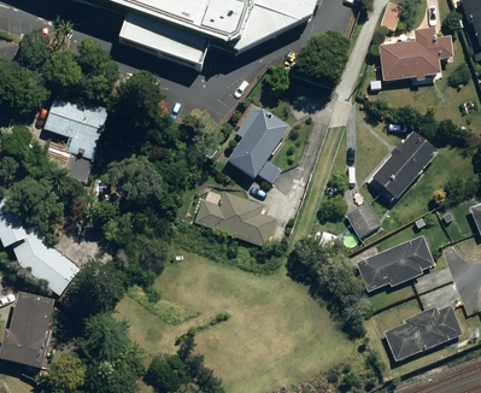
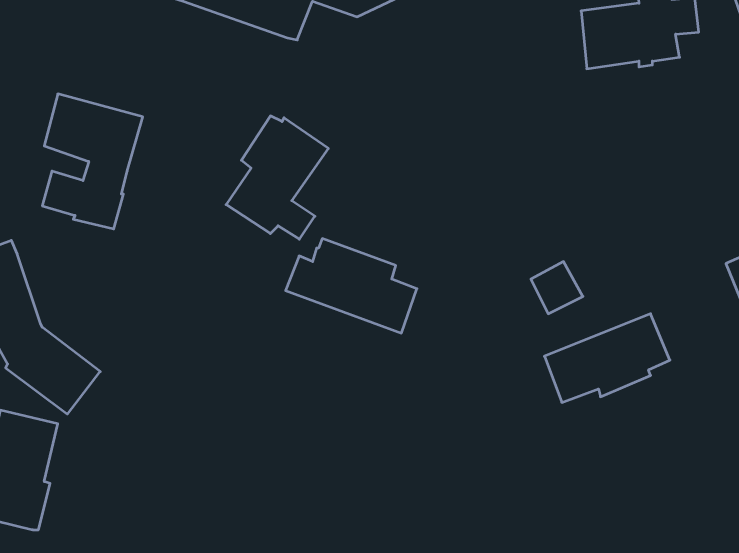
building: [225,106,289,183] -> [226,116,328,239]
building: [370,130,438,200] -> none
building: [382,304,462,360] -> none

